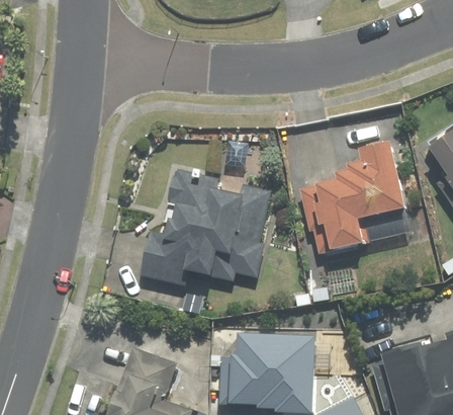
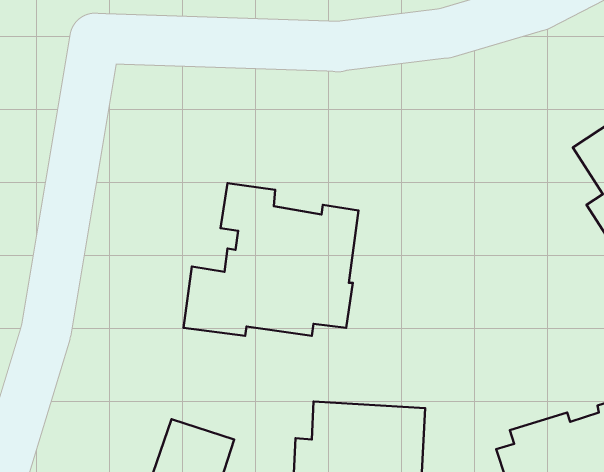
building: [296,141,411,257] -> none

